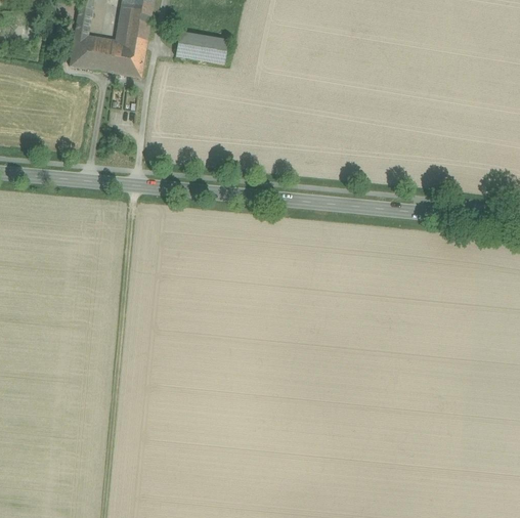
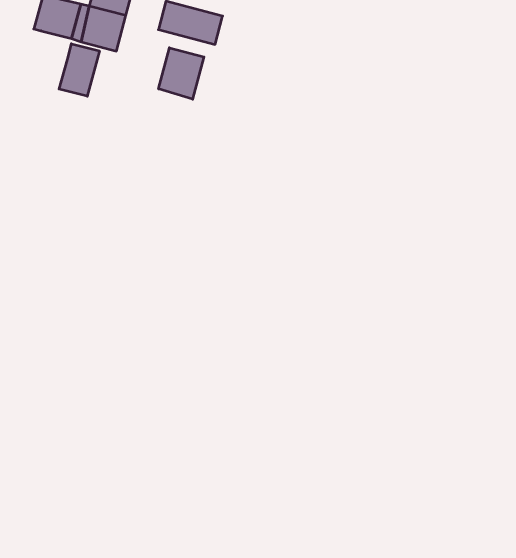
building: none -> [159,48,204,99]
building: none -> [59,44,99,96]

